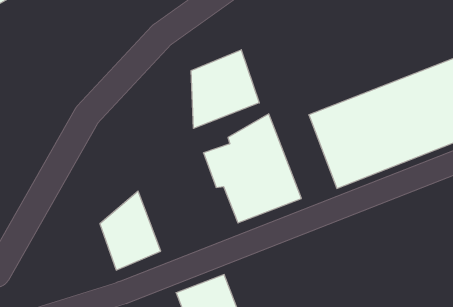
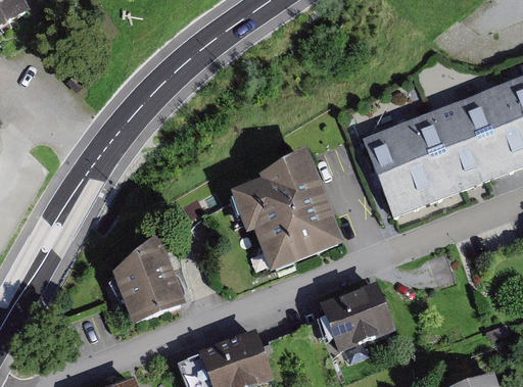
building: [191,50,259,128] -> none
building: none -> [323,279,393,345]

